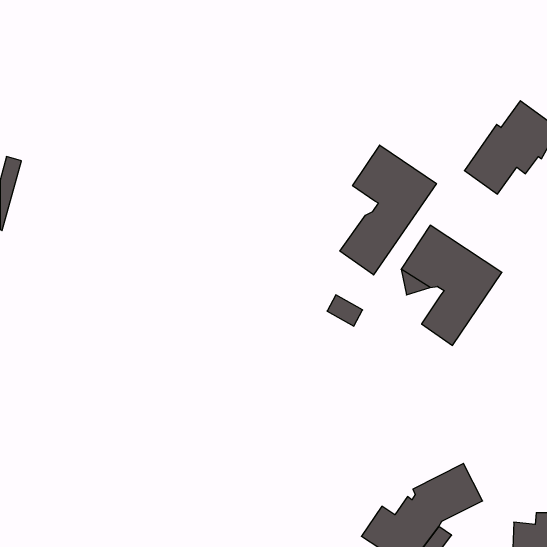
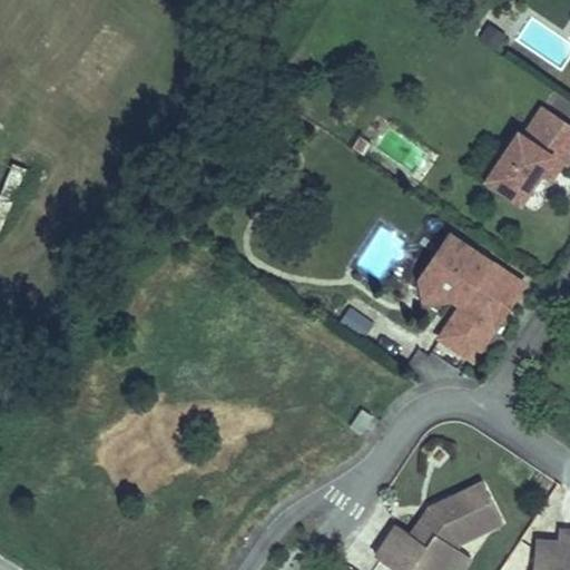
building: [340,145,436,275] -> none

